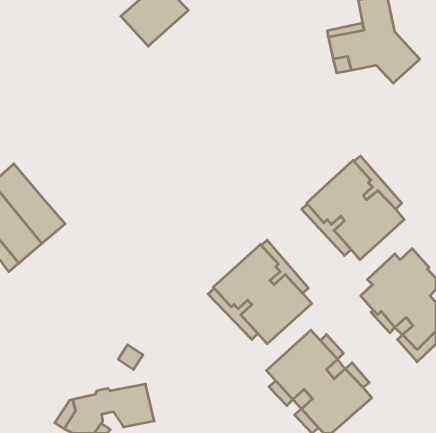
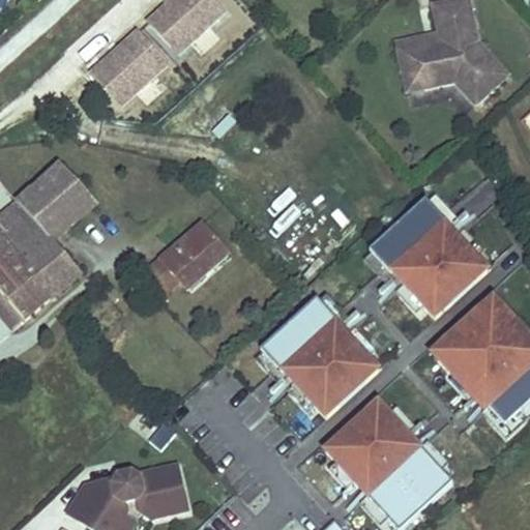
building: none -> [89,28,172,109]
building: none -> [17,159,94,239]
building: none -> [148,220,226,287]

